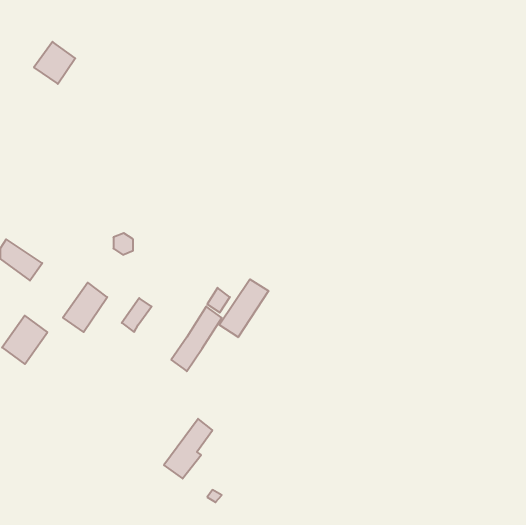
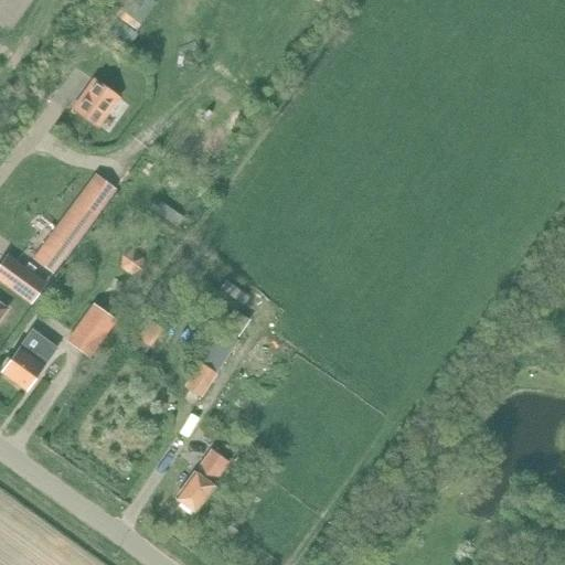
building: [34,42,75,84] -> [74,79,118,125]
building: none -> [40,171,118,270]
building: [219,279,268,337] -> none

